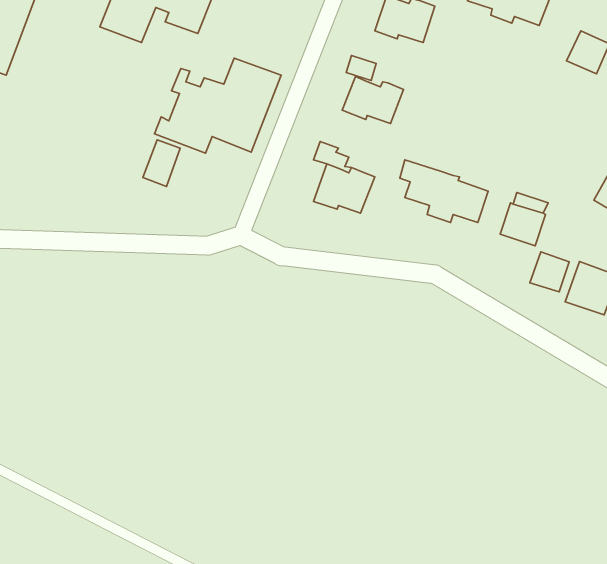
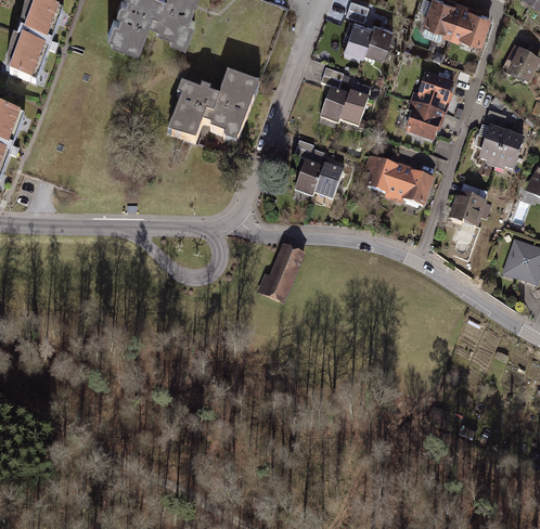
building: none -> [402,70,454,141]
building: none -> [475,124,523,169]
building: [143,140,180,187] -> none
building: [530,252,569,292] -> none
building: none -> [257,243,301,300]

